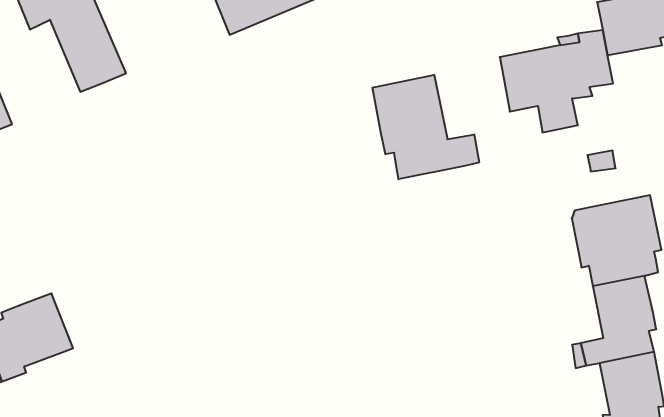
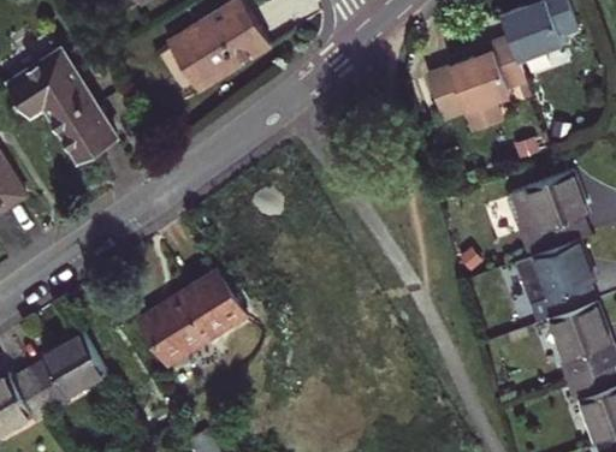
building: [373,75,479,179] -> none
building: none -> [140,270,245,365]

